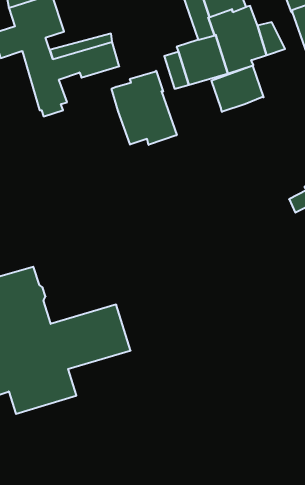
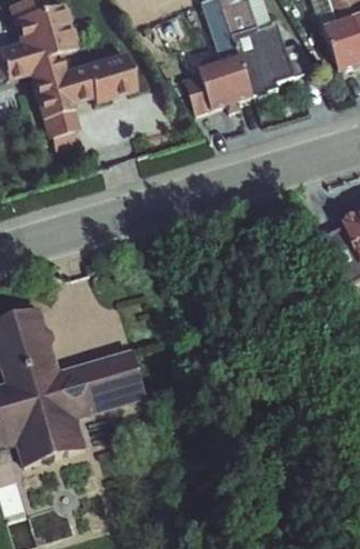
building: [211,66,264,112] -> none
building: [112,71,177,145] -> none

